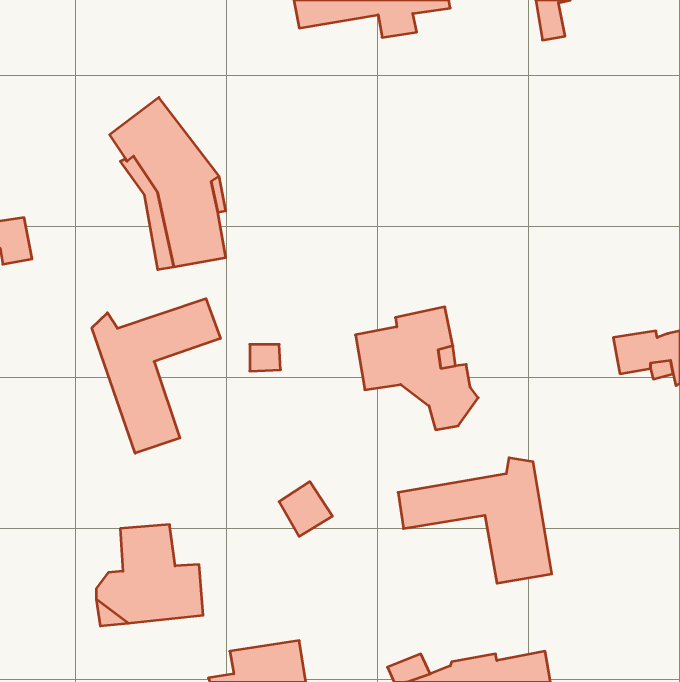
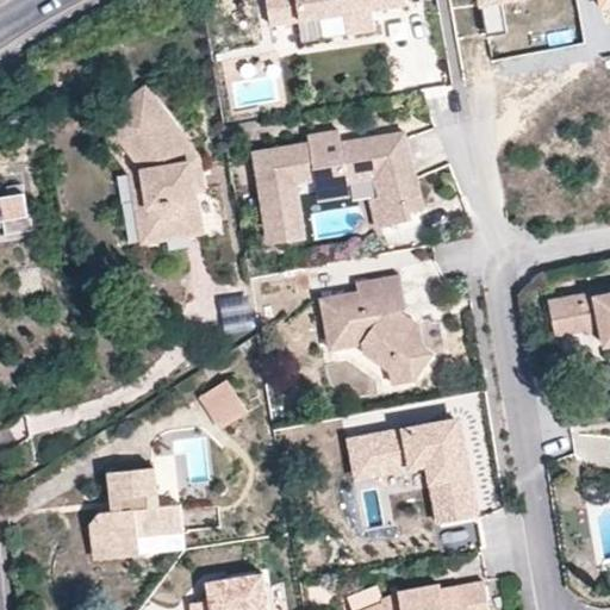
building: none -> [251,129,429,245]
building: [92,299,220,453] -> none
building: [279,482,332,536] -> [198,379,245,428]

